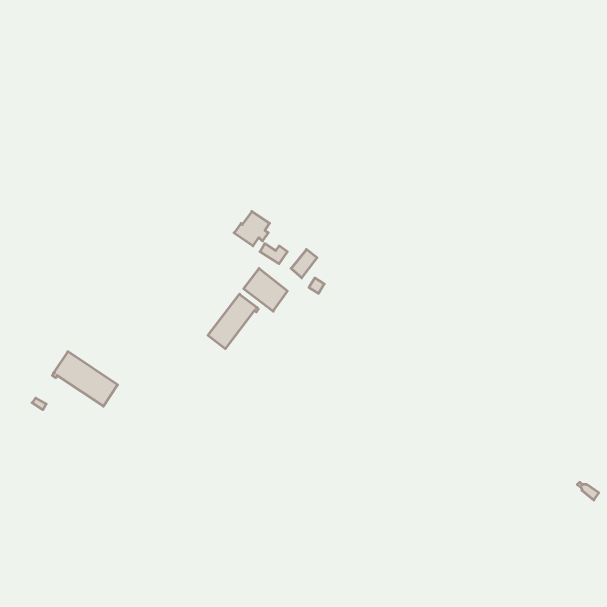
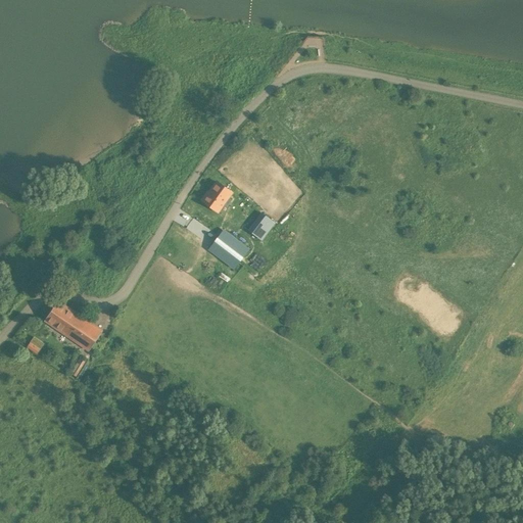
building: [208,294,258,349] -> none

